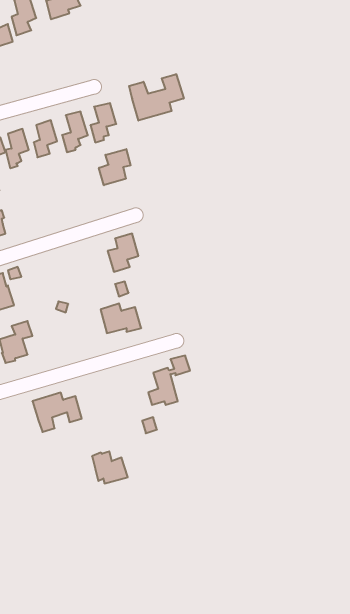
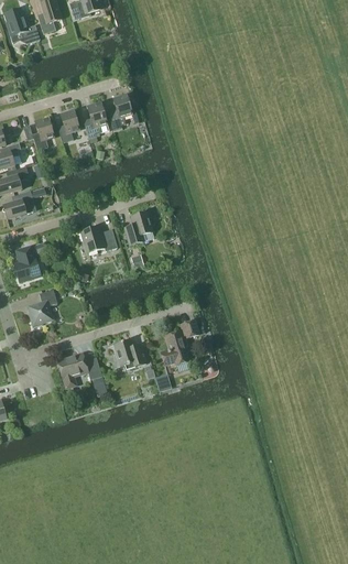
building: [129,74,184,121] -> none
building: [99,149,131,185] -> none
building: [101,303,141,333] -> [81,225,118,251]
building: [92,451,128,483] -> [115,339,146,368]

